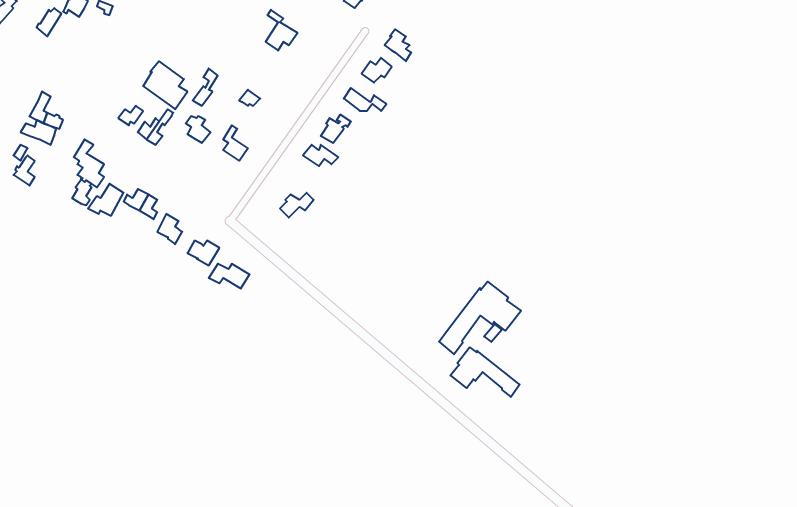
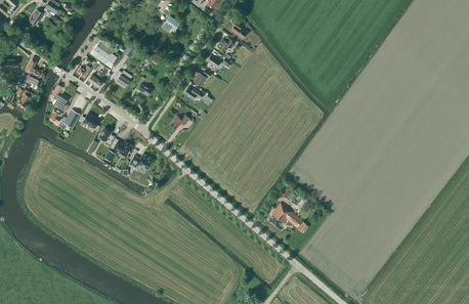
building: [439,282,521,354] -> none

